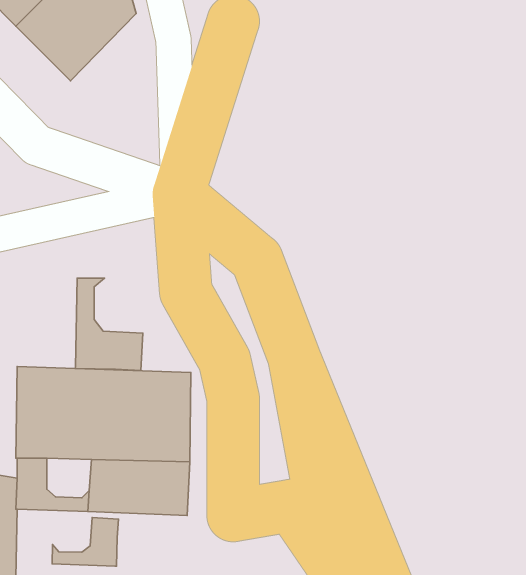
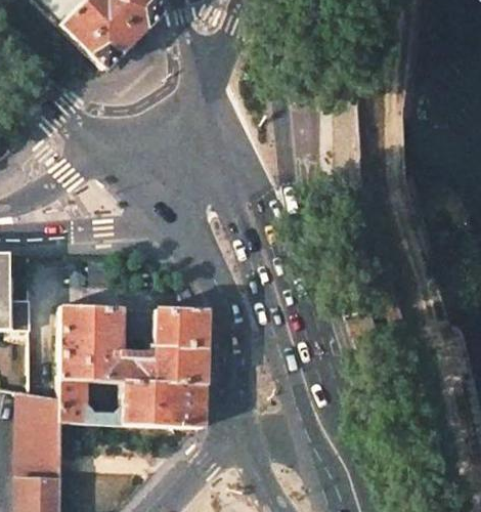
building: [75,278,143,370] -> none
building: [52,517,119,566] -> none

